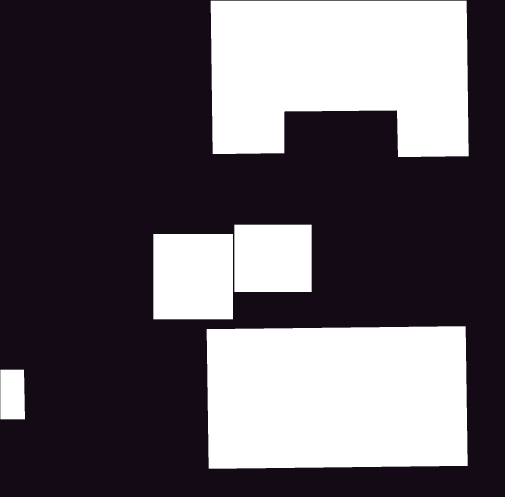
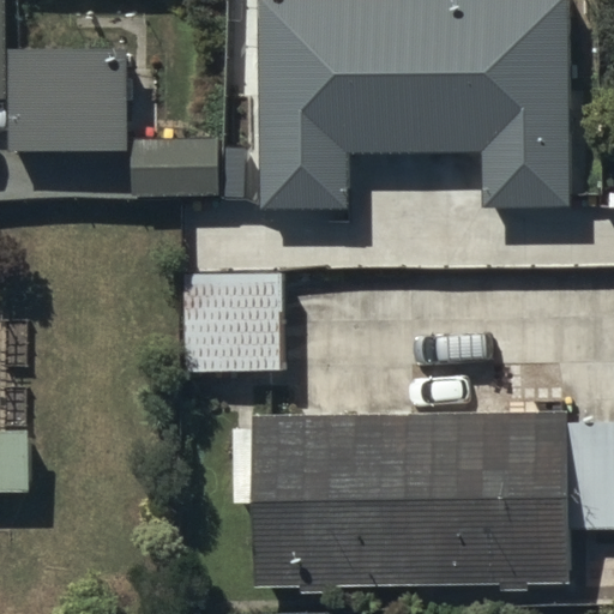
building: none -> [10,74,219,219]
building: [234,224,312,293] -> none

